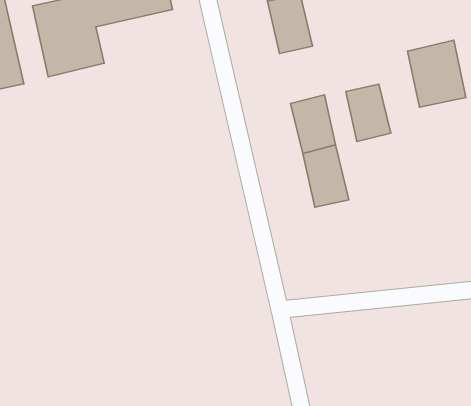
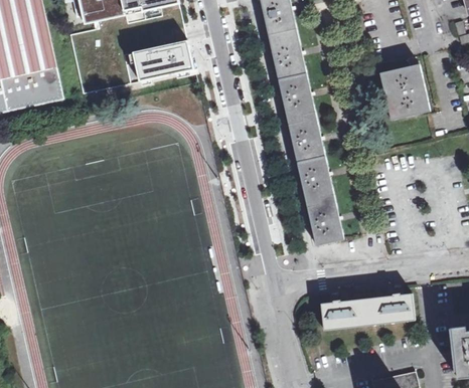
building: none -> [133,41,194,81]
building: [346,84,391,142] -> [276,69,313,117]
building: none -> [305,196,343,246]
building: none -> [321,289,415,328]

